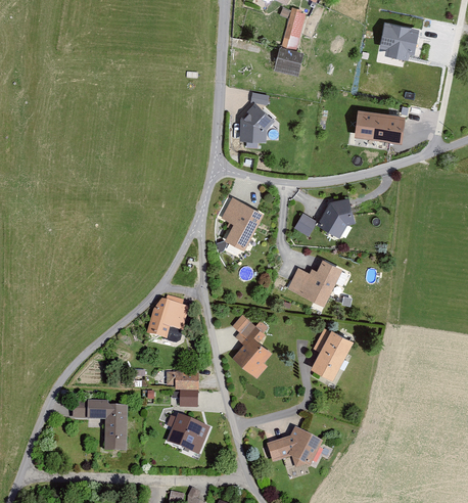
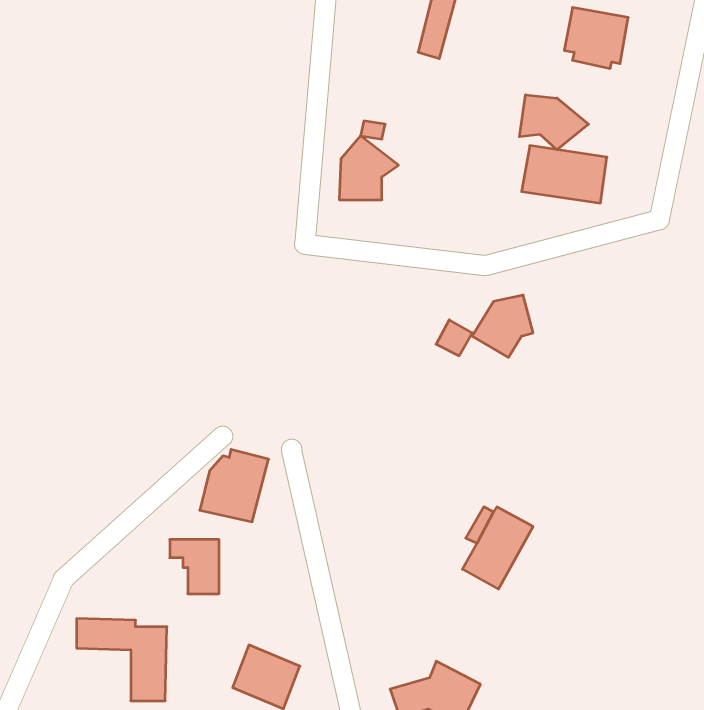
building: [275,49,305,77] -> none
building: none -> [519,95,589,150]
building: [221,197,264,250] -> none
building: [288,261,342,308] -> none
building: [233,319,273,378] -> none
building: [167,372,197,406] -> [170,540,219,594]

